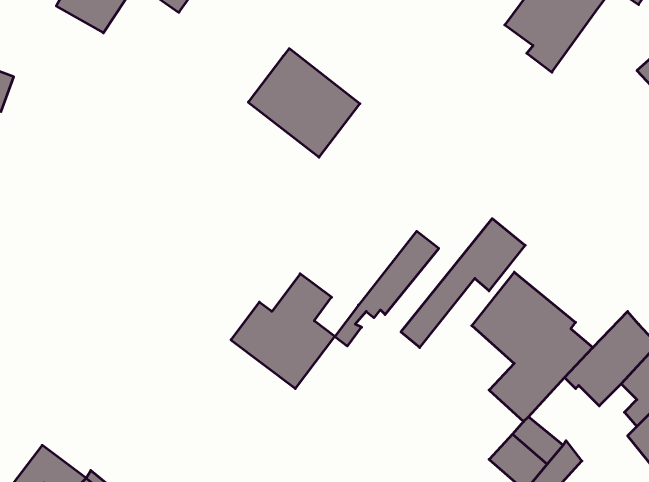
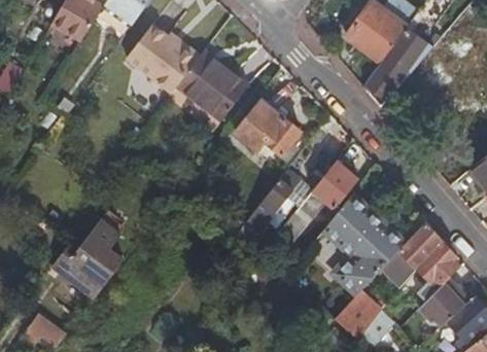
building: none -> [126,27,199,95]
building: none -> [362,27,429,99]
building: none -> [235,100,301,156]
building: [231,274,335,389] -> [54,222,121,297]

